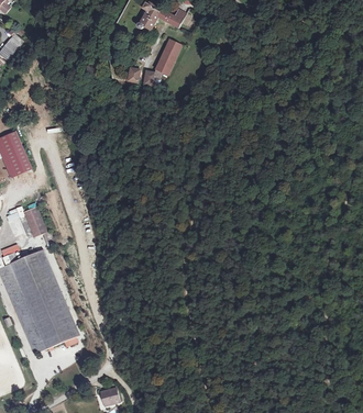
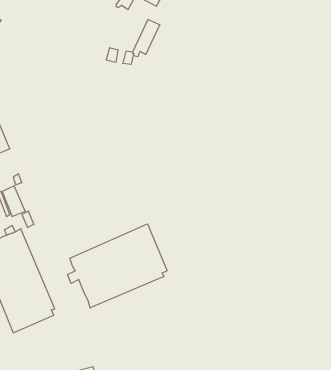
building: none -> [67,224,167,308]

